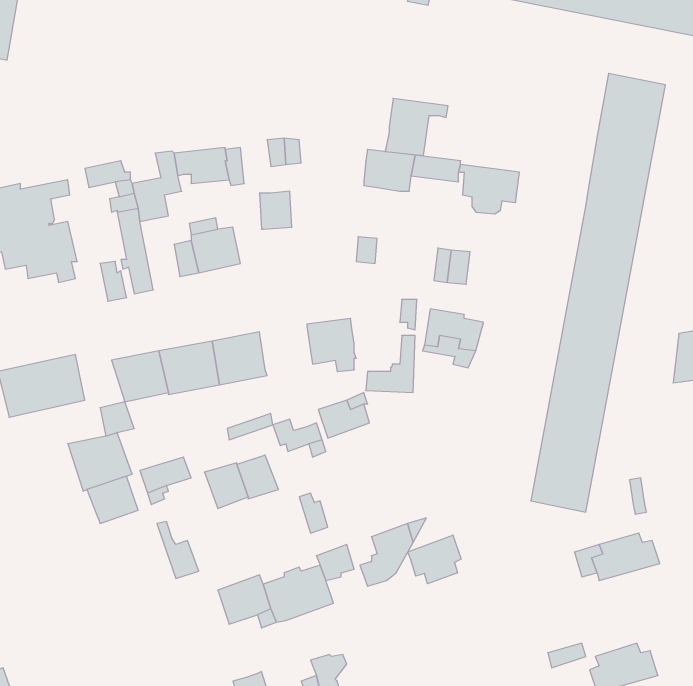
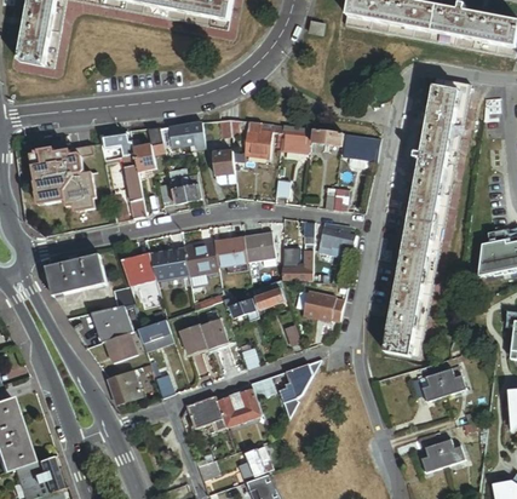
building: [385,98,448,155] -> [242,120,282,156]
building: none -> [213,237,247,265]
building: none -> [301,292,343,321]
building: none -> [105,371,140,405]
building: [408,535,461,584] -> none

